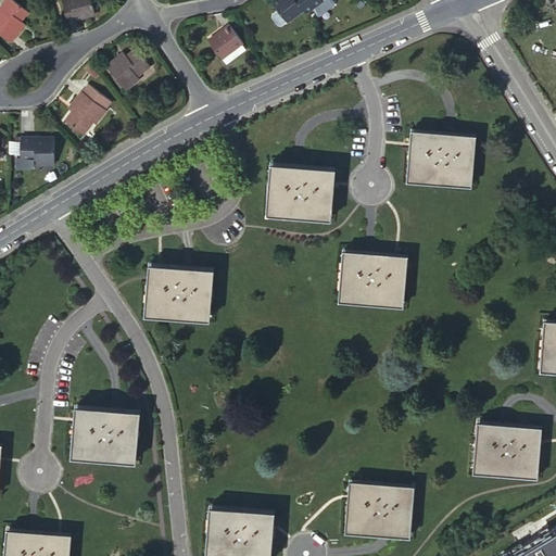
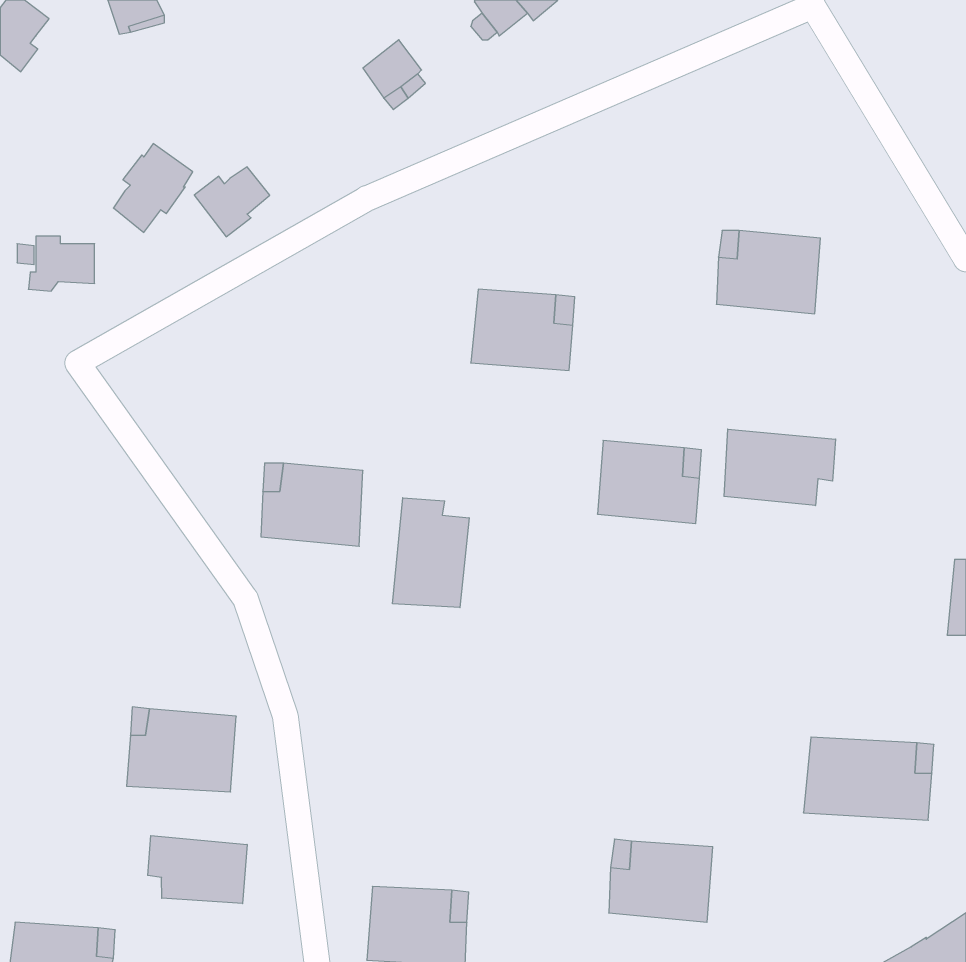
building: [106,50,150,90] -> [194,167,270,237]
building: none -> [724,429,836,506]
building: none -> [393,498,469,608]
building: none -> [148,836,247,904]

